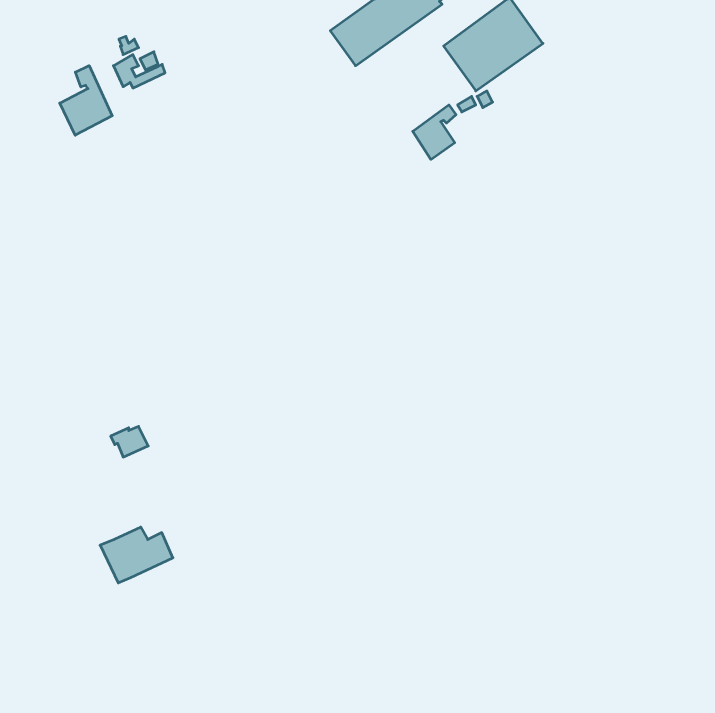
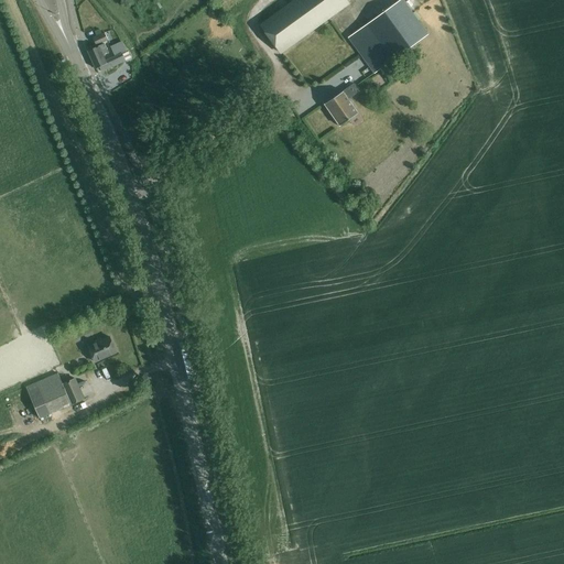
building: [60,66,112,135] -> none
building: [100,527,173,583] -> [25,373,83,417]

